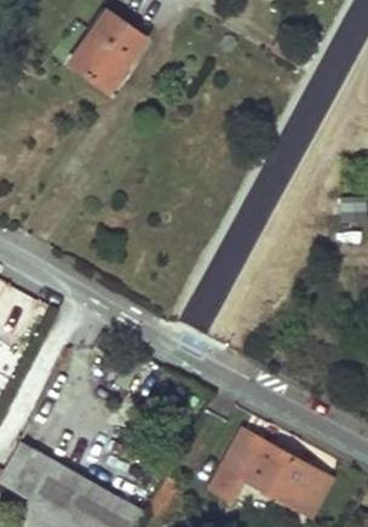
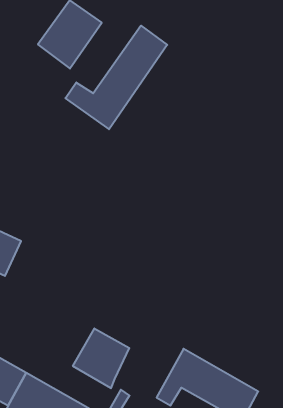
building: none -> [65,26,167,129]
building: none -> [73,328,129,388]

